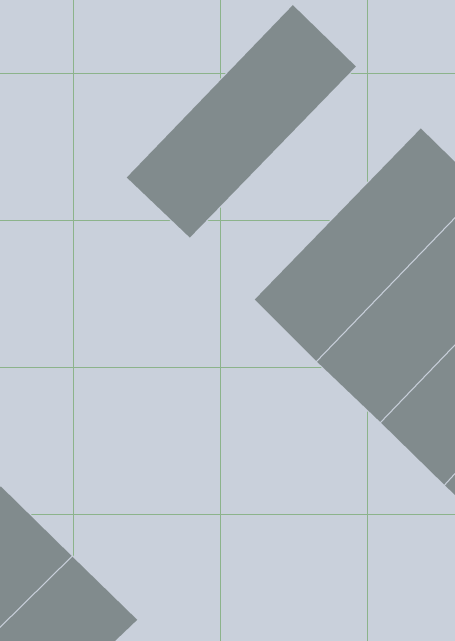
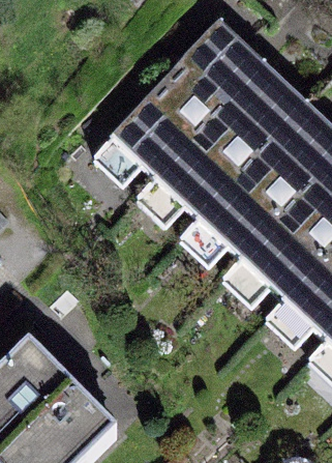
building: none -> [151,58,304,212]

